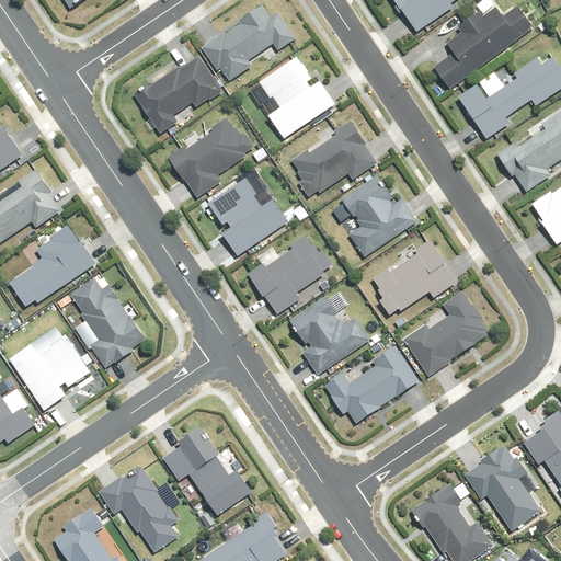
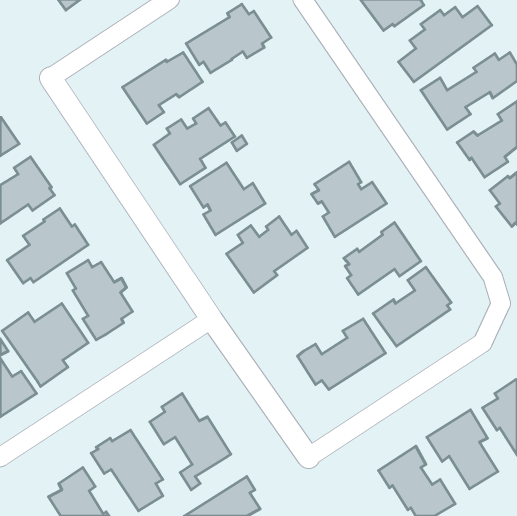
building: [257,57,334,138] -> none
building: [291,119,379,198] -> none
building: [289,299,369,374] -> none

